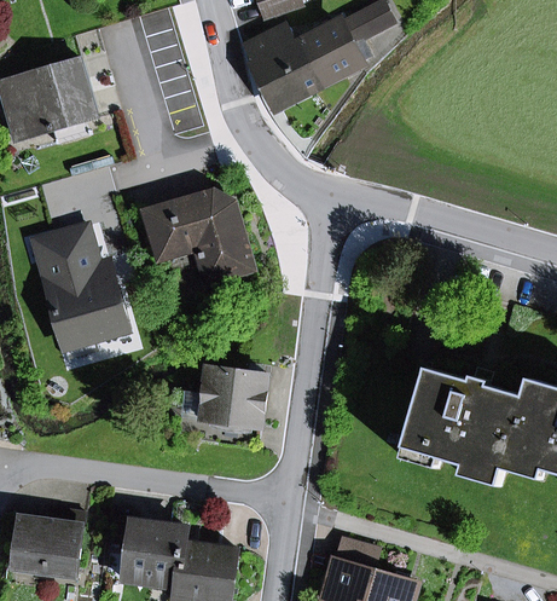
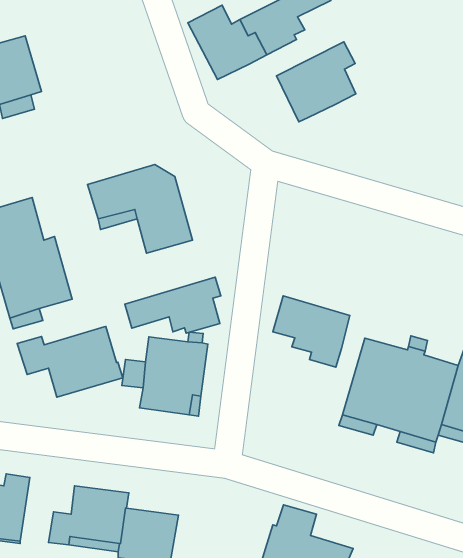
building: none -> [277,42,356,122]
building: none -> [125,277,221,333]
building: none -> [273,296,350,367]
building: none -> [17,326,123,397]

